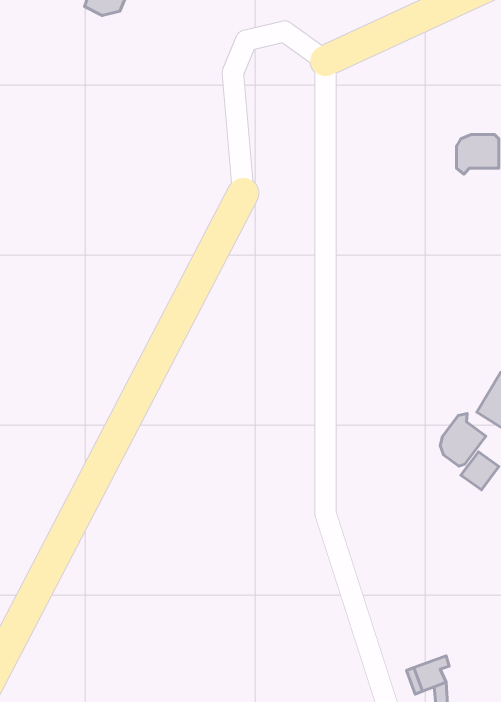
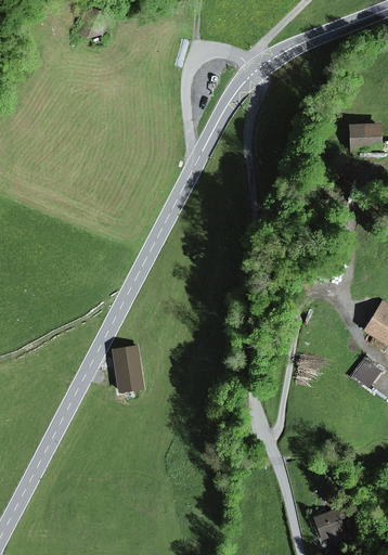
building: [440,414,486,466] -> none
building: none -> [113,346,142,391]

